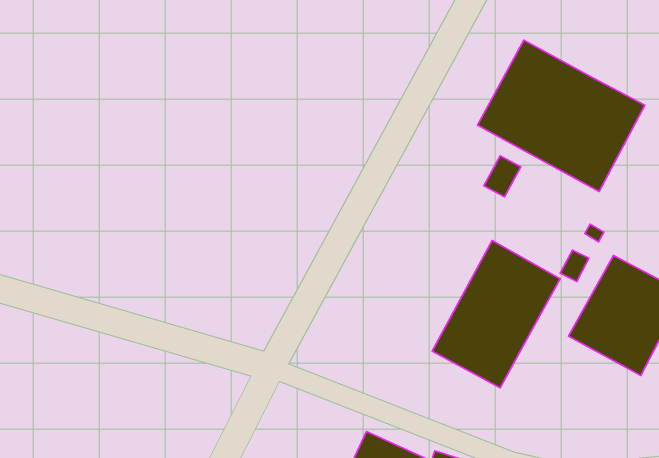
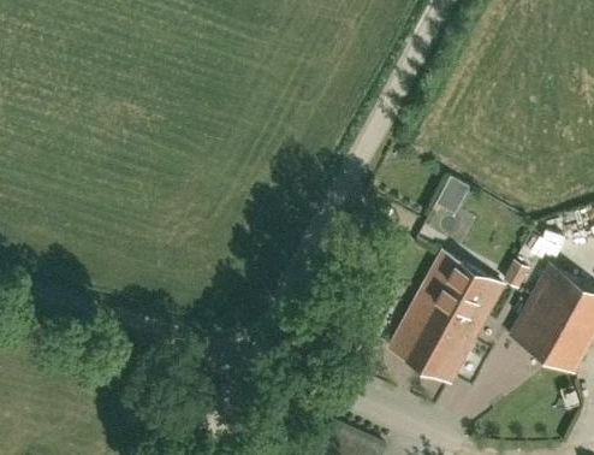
building: [477,40,645,191] -> none

